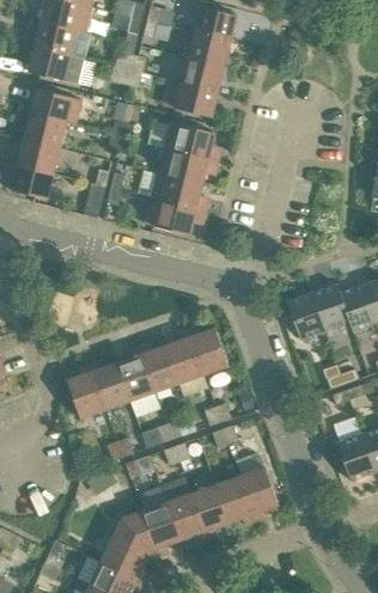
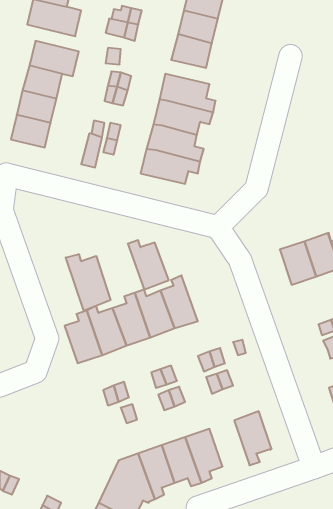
building: none -> [66,254,111,311]
building: [187,324,228,374] -> [128,240,169,289]
building: [215,476,256,525] -> none

